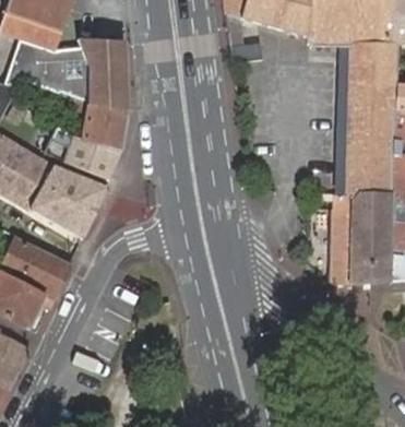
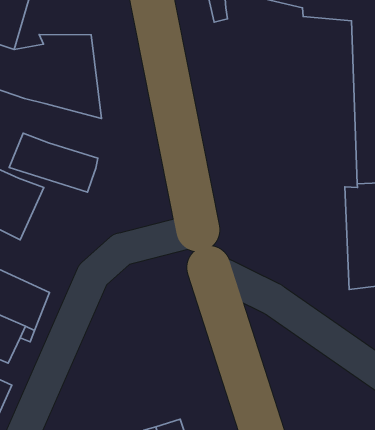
building: [74,99,126,151] -> none
building: [47,174,106,239] -> none

